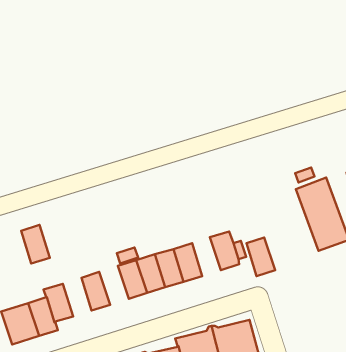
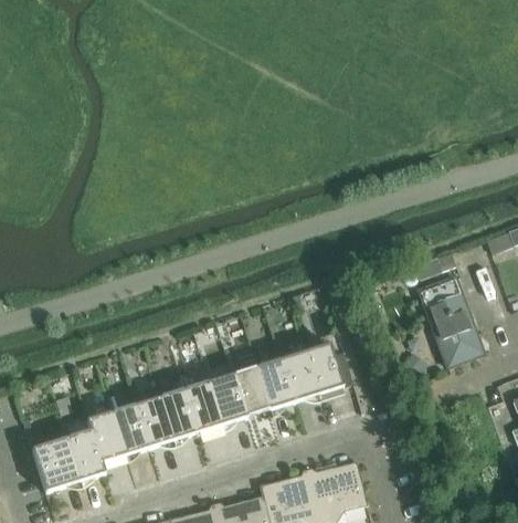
building: [21,225,50,264] -> [112,406,149,457]
building: [246,237,275,276] -> [281,353,318,404]
building: none -> [159,390,198,441]

